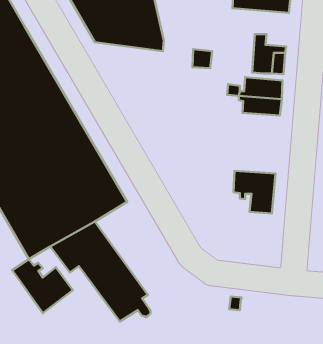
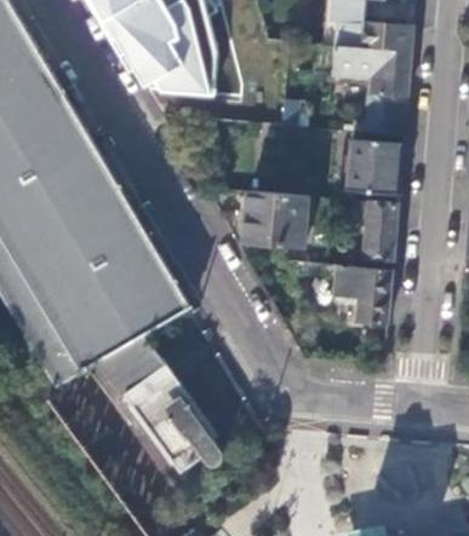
building: none -> [331,45,410,97]
building: none -> [245,191,309,247]
building: none -> [347,200,396,260]
building: [12,259,73,313] -> none

